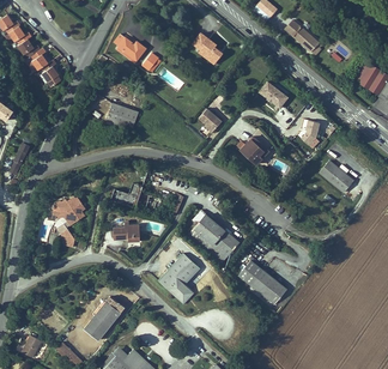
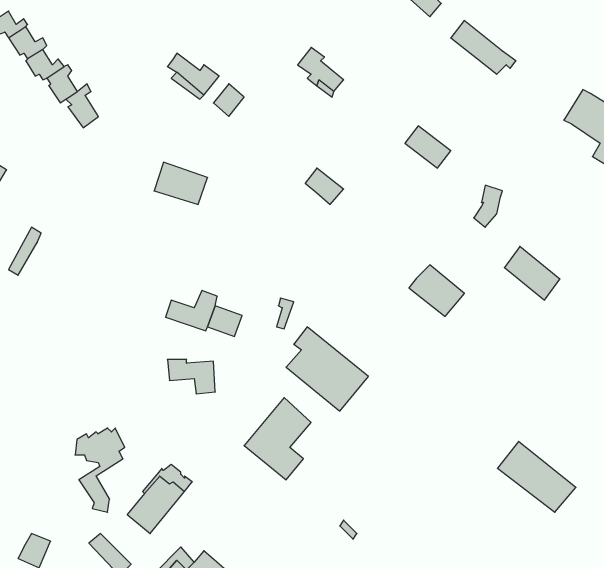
building: [232,133,267,165] -> [409,265,464,316]
building: [50,200,81,253] -> [75,428,125,512]
building: [234,258,283,302] -> [497,441,576,512]

